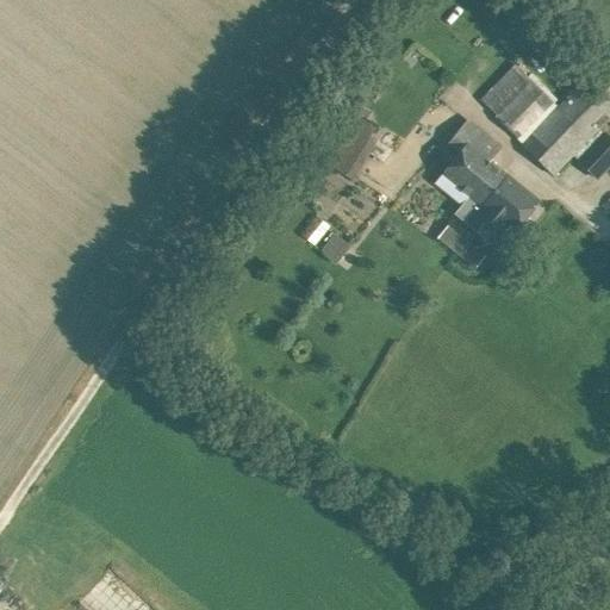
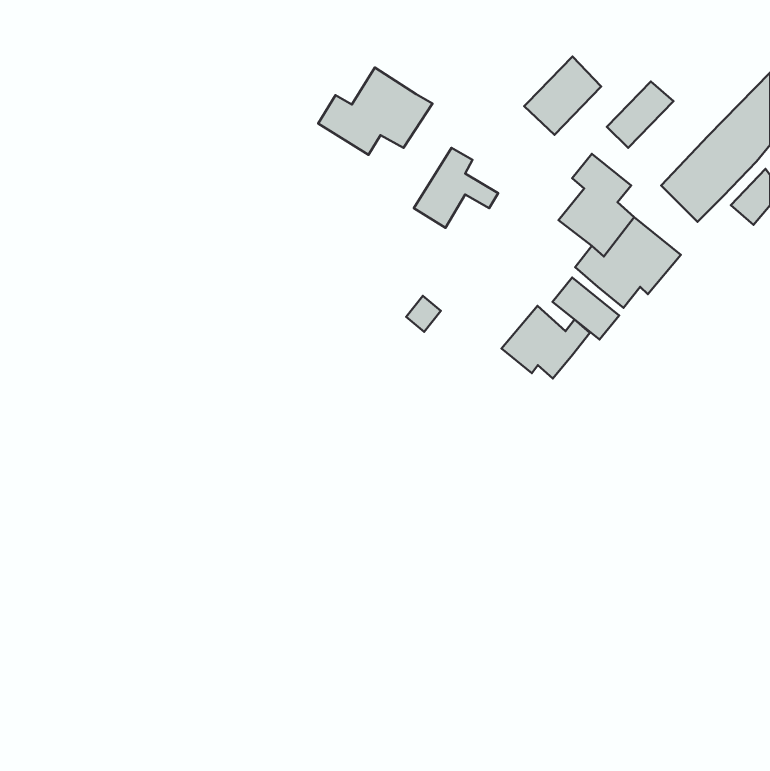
building: none -> [318,68,432,155]
building: [493,80,554,142] -> [524,56,601,135]
building: none -> [502,306,590,379]

